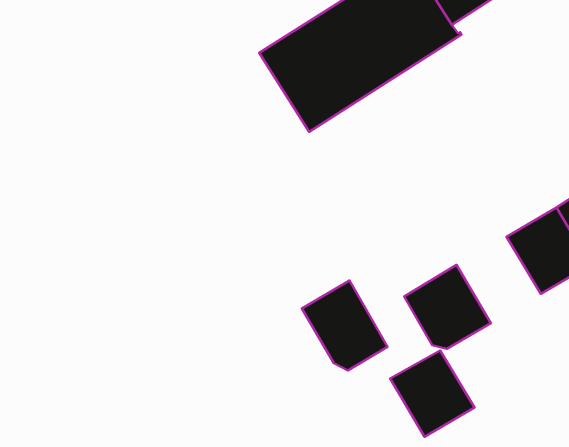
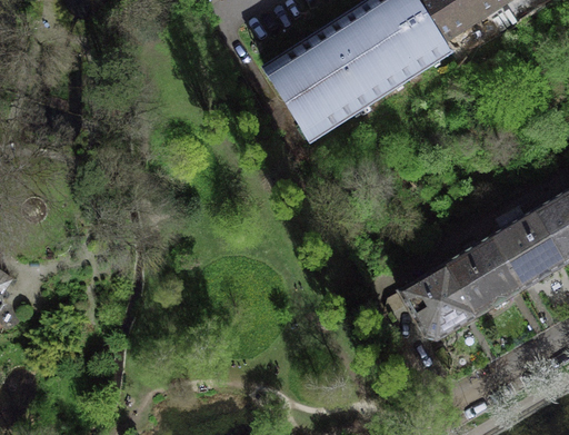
building: [302,281,387,370] -> none
building: [390,350,474,437] -> [446,238,522,317]

